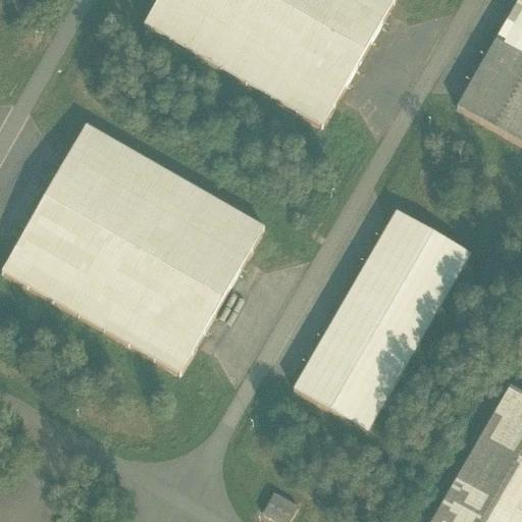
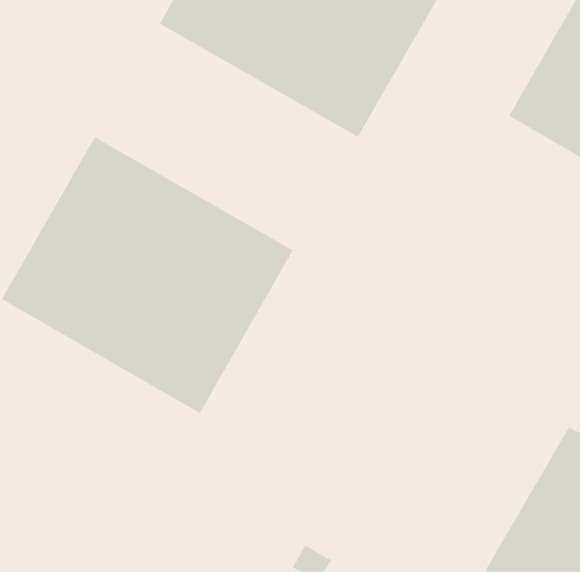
building: [294,208,470,429] -> none

